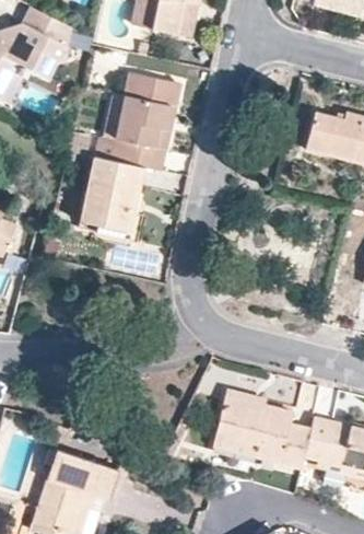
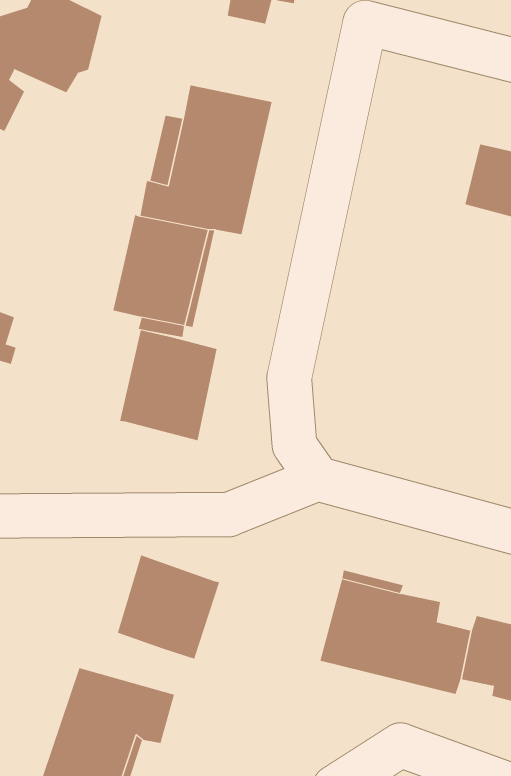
building: none -> [120,330,217,441]
building: none -> [117,555,220,659]

